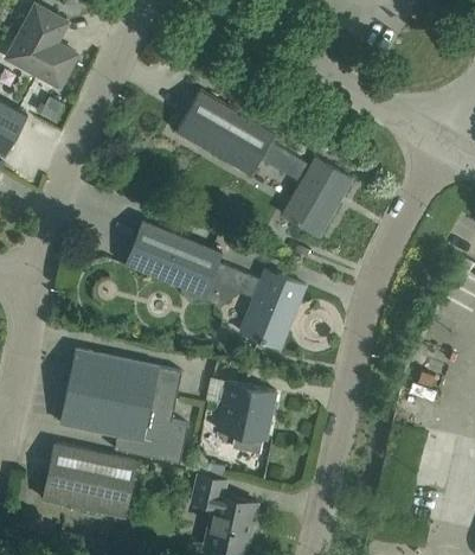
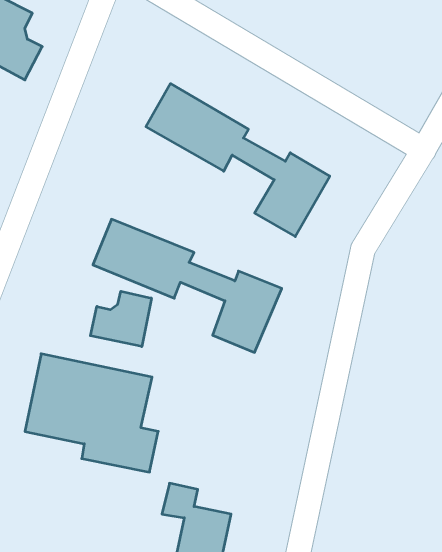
building: none -> [90,291,151,347]
building: [218,382,276,441] -> none
building: [44,445,137,518] -> none

